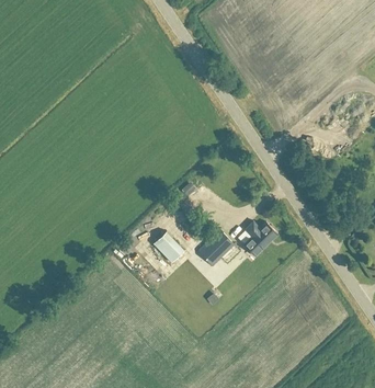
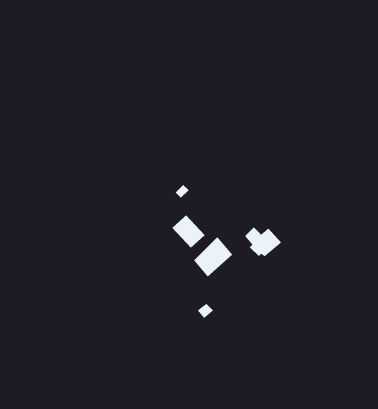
building: [154,232,184,263] -> [171,214,206,249]

